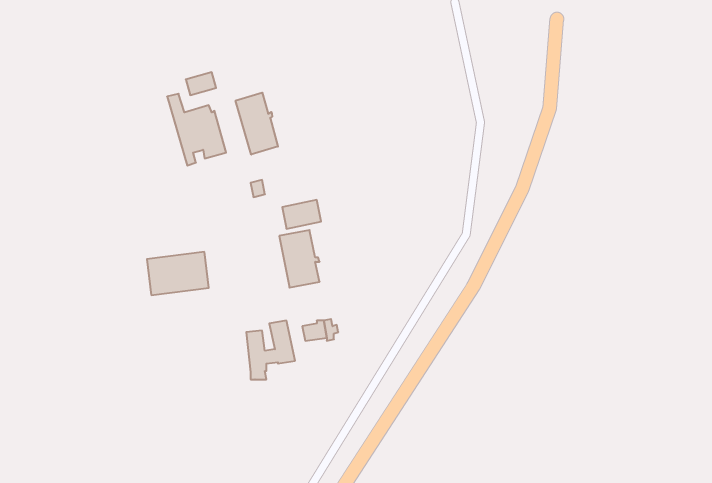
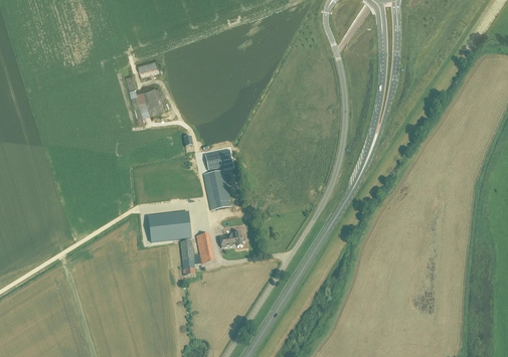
building: [236,93,278,155] -> none
building: [147,252,209,295] -> [148,211,191,241]

